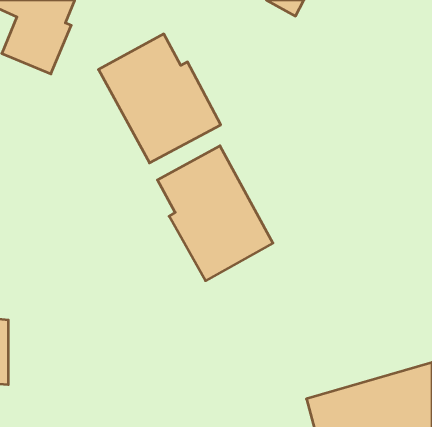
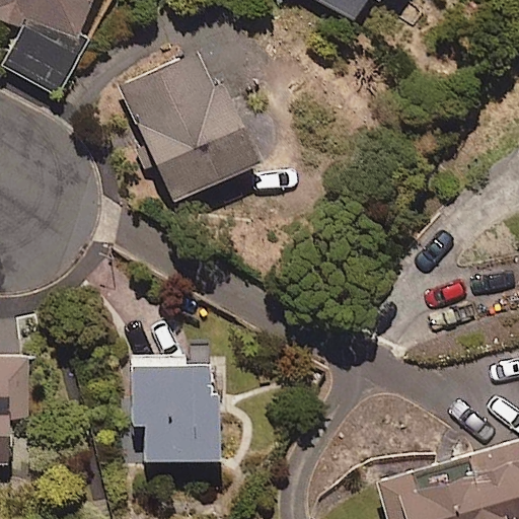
building: [157,146,273,281] -> none
building: none -> [132,353,220,459]

